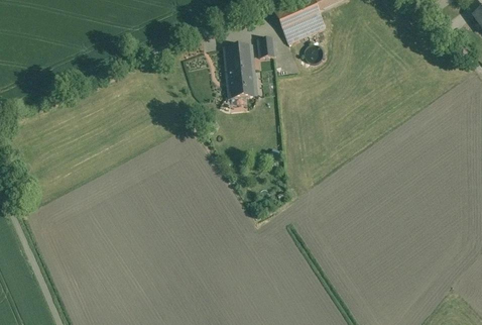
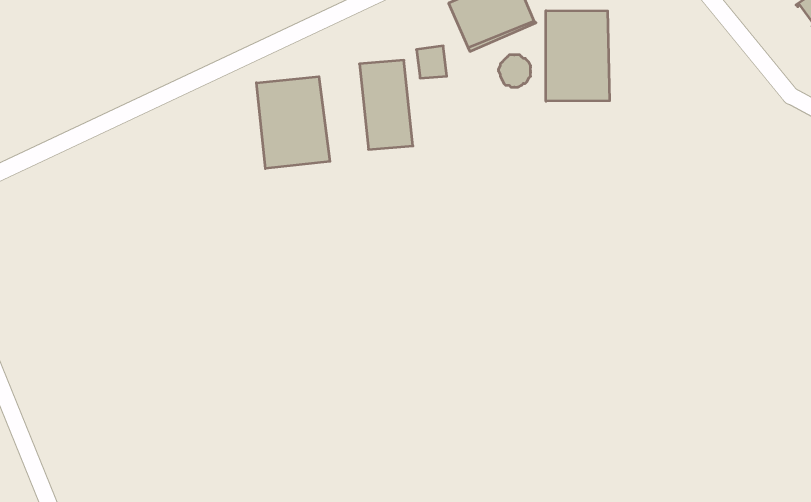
building: none -> [546,11,610,101]
building: none -> [256,77,330,169]

